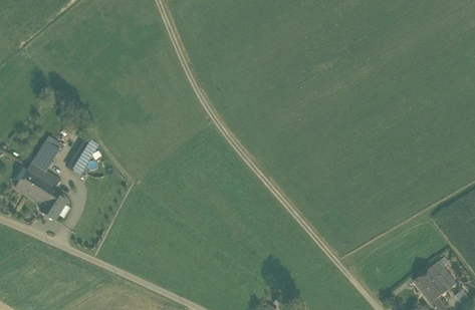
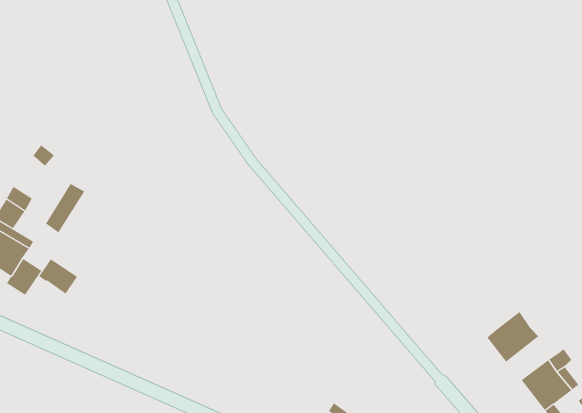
building: none -> [38,259,78,295]
building: none -> [487,311,539,362]

